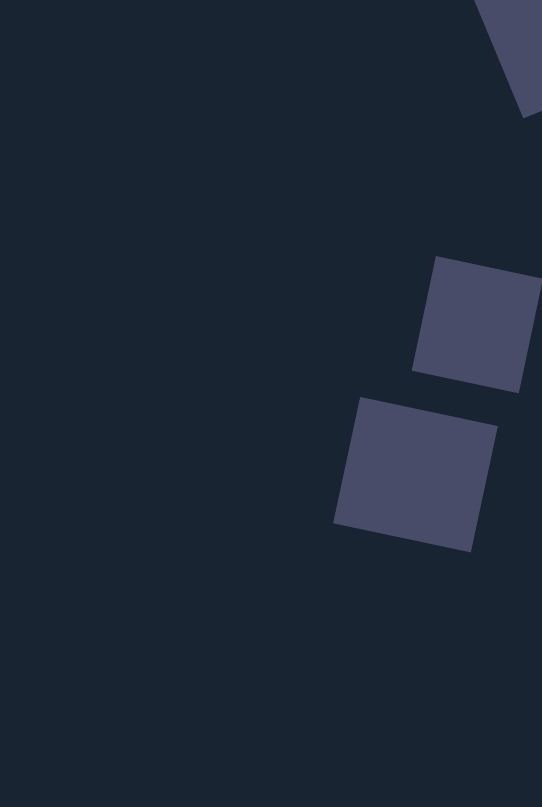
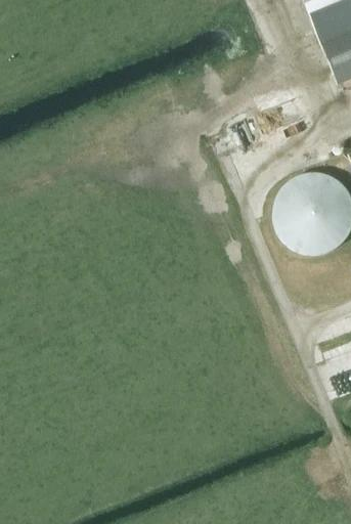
building: [333,396,498,553] -> none

